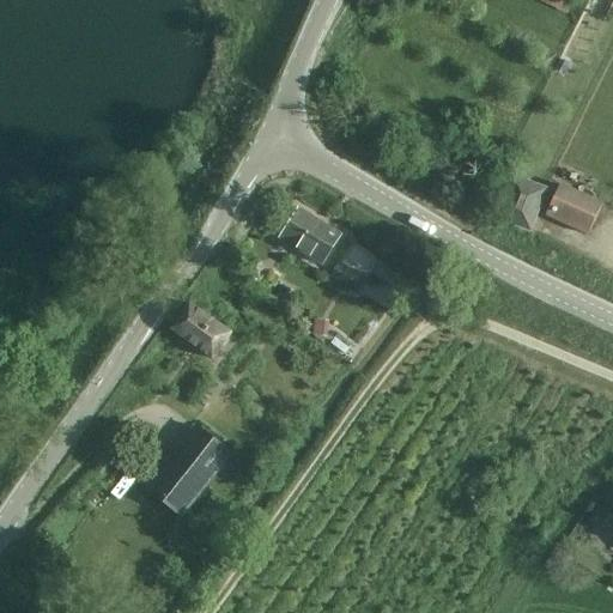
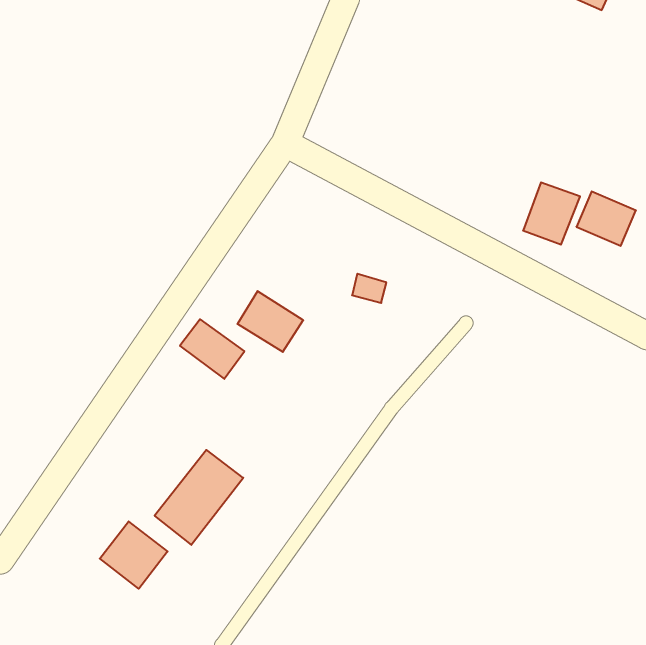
building: [280,206,342,263] -> [237,291,303,352]
building: none -> [100,521,168,589]

